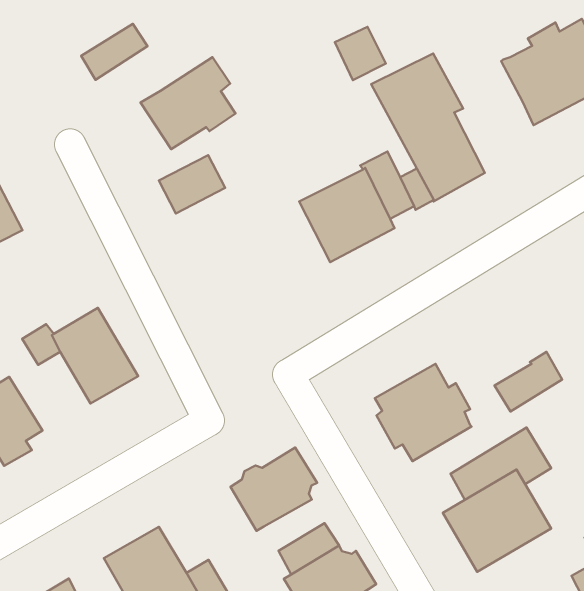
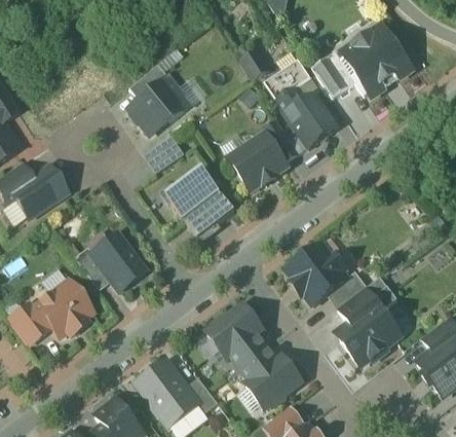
building: [81,24,148,80] -> [128,65,167,101]
building: none -> [312,51,355,98]
building: none -> [166,169,235,239]
building: [495,352,562,411] -> [327,271,367,309]
building: none -> [230,334,266,367]

